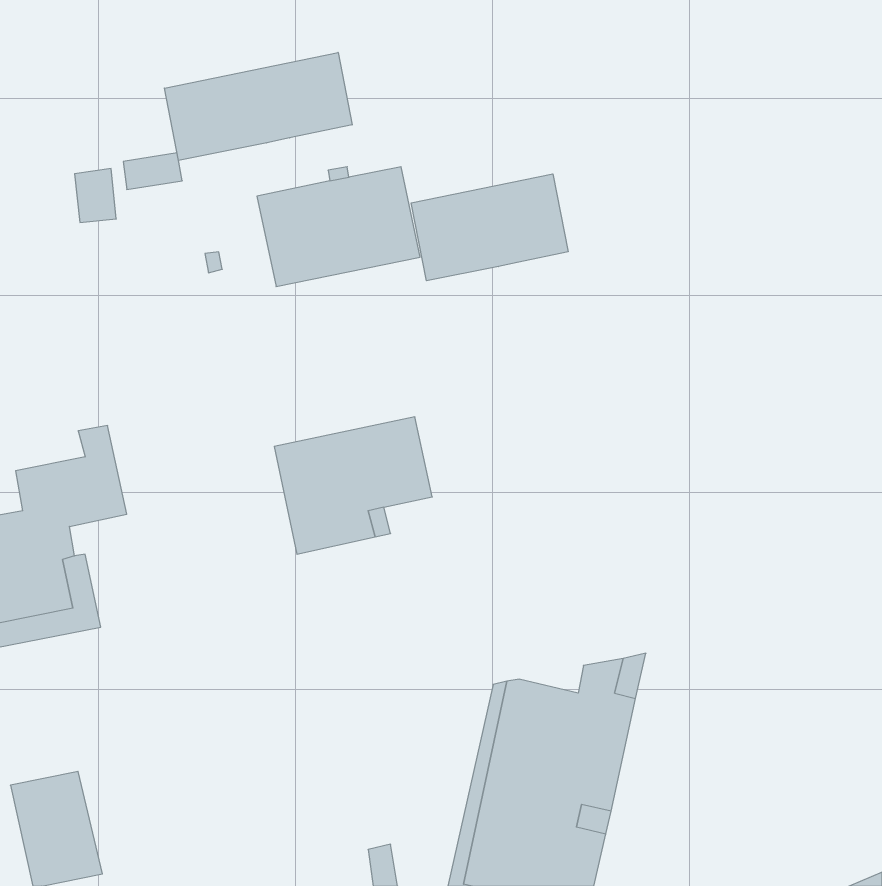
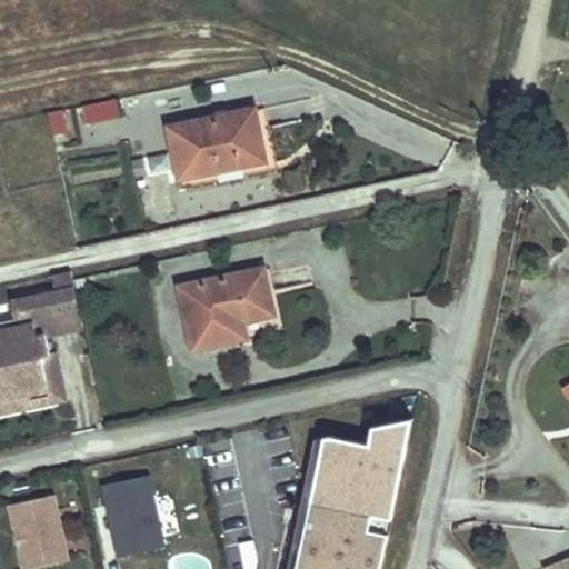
building: [164,52,352,160] -> none
building: [411,174,568,281] -> none
building: none -> [97,475,162,560]

